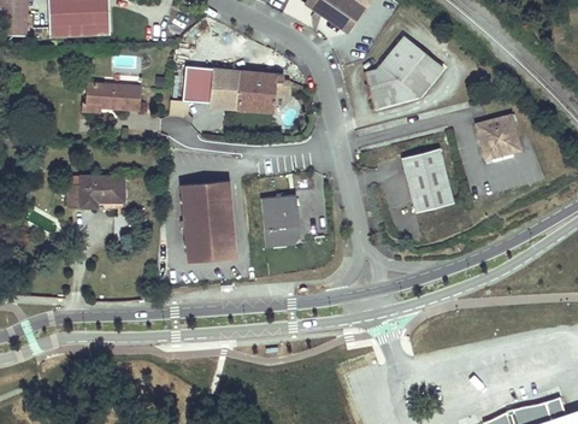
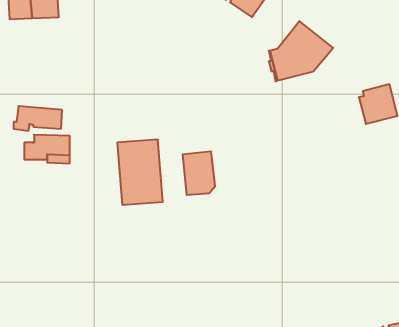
building: [170,67,290,116] -> none
building: [82,82,141,112] -> [14,106,62,131]
building: [401,149,455,214] -> none

